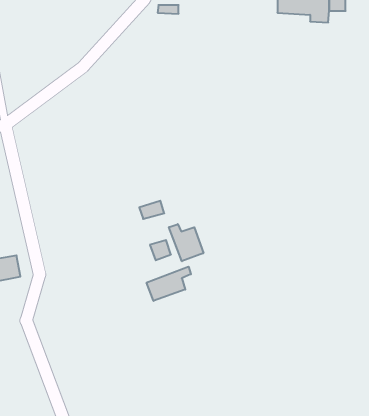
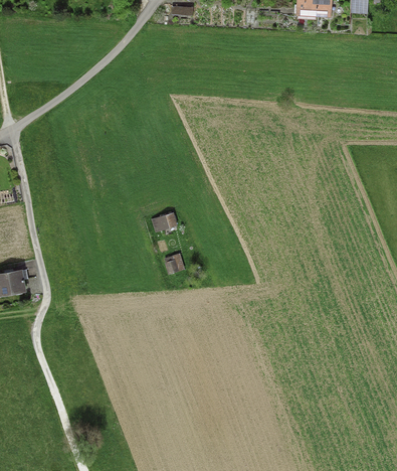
building: [169,224,203,261] -> none
building: [147,267,191,301] -> none

